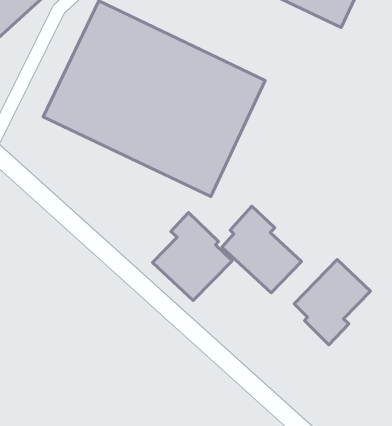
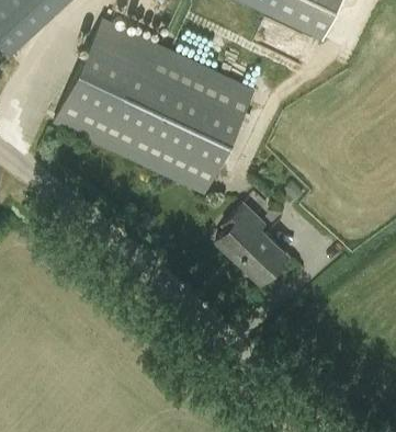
building: [153,212,232,301] -> none
building: [294,260,371,345] -> none

